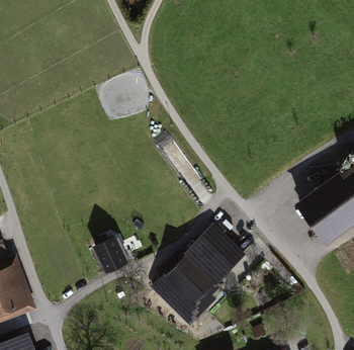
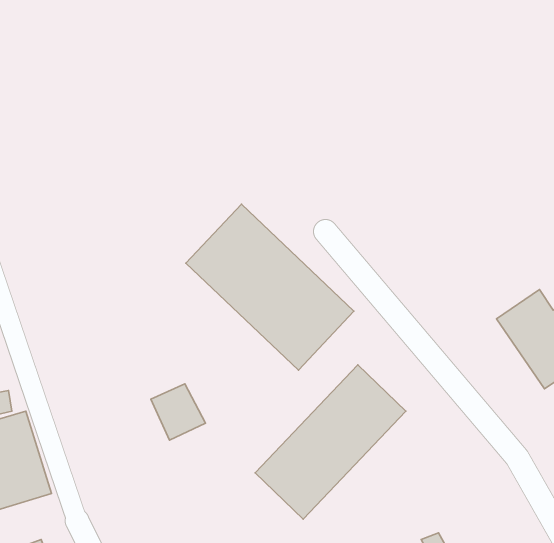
building: none -> [186,204,354,370]

